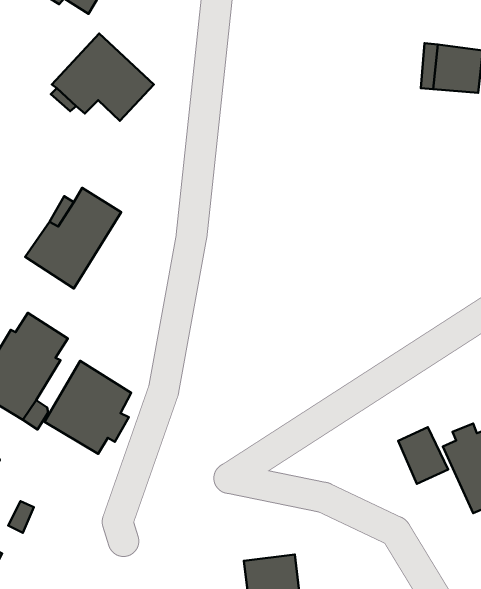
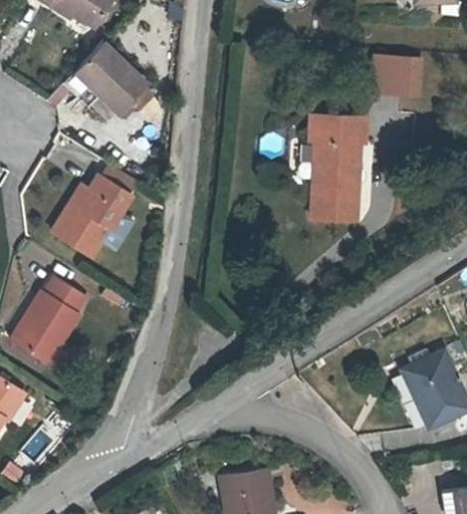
building: none -> [317,107,373,211]
building: [45,361,131,454] -> none
building: [398,427,448,484] -> none

